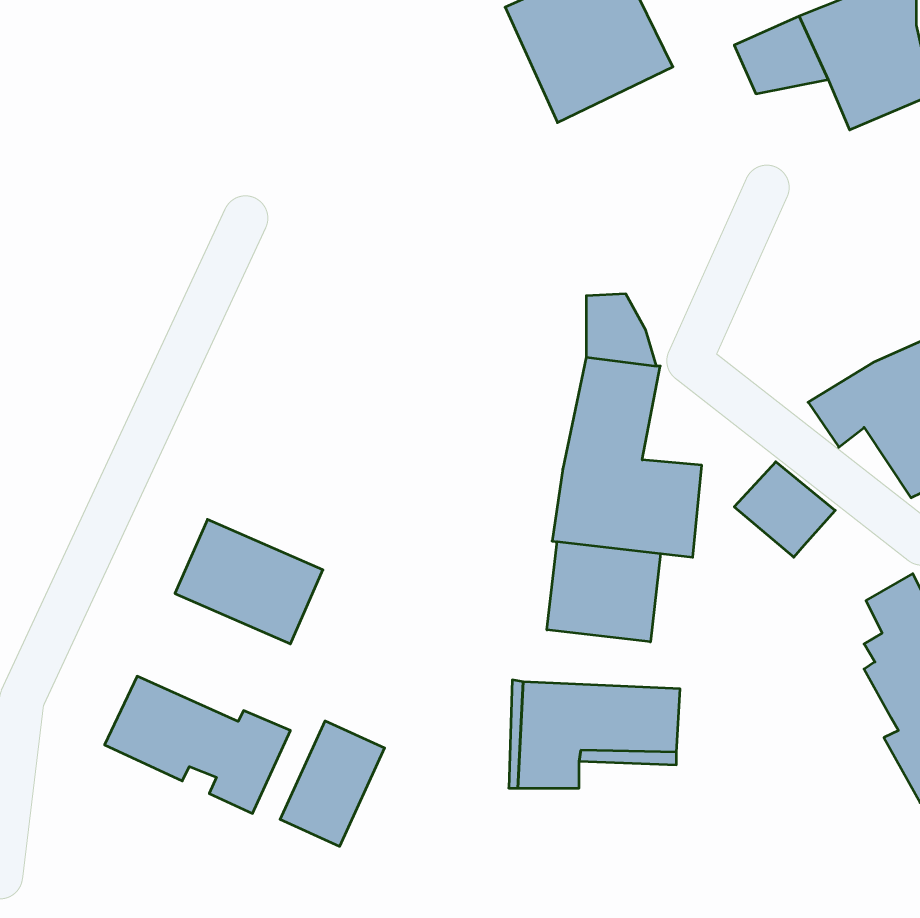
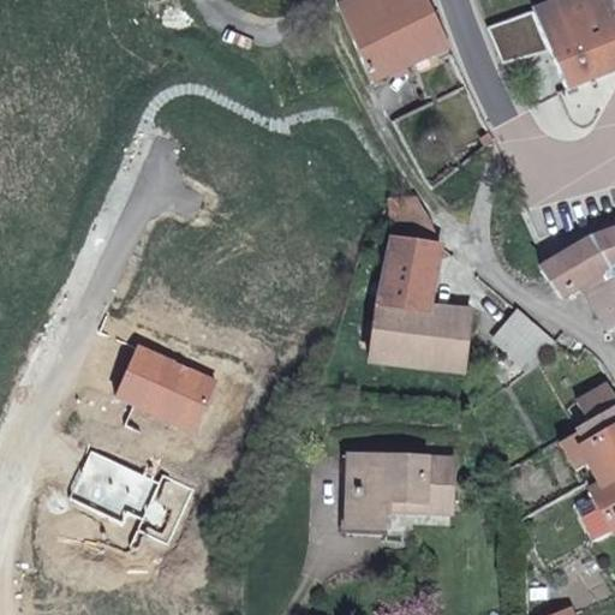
building: [547,542,661,642] -> none
building: [280,721,385,846] -> none

